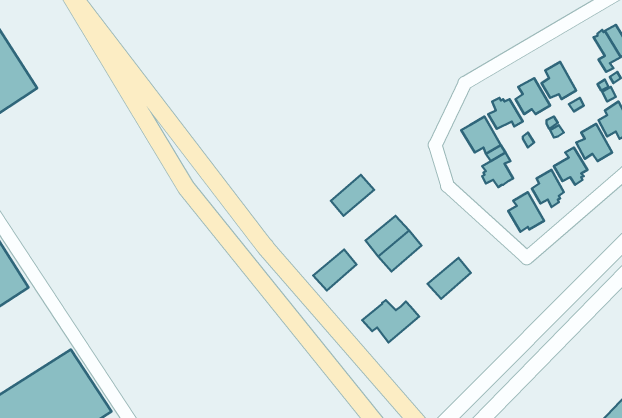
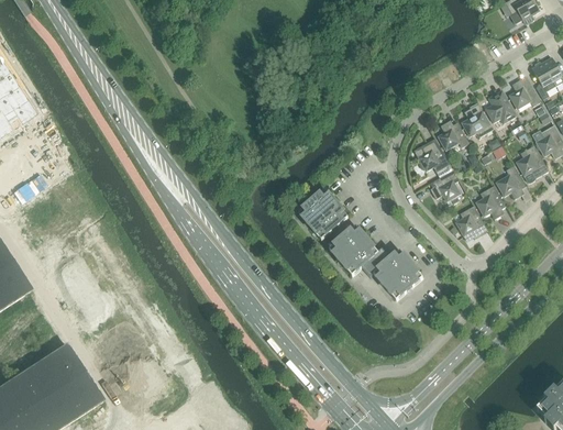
building: none -> [509,76,540,108]
building: [313,250,356,290] -> [309,202,347,239]
building: [362,300,419,342] -> [361,249,411,286]

